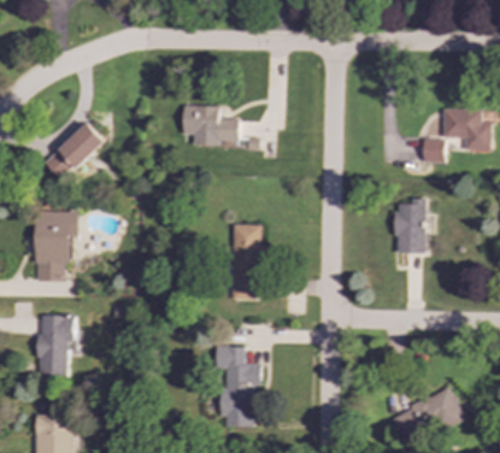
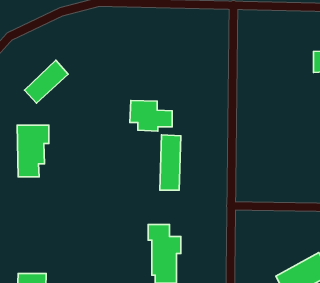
building: [181,104,239,146] -> [130,100,172,131]
building: [422,137,443,161] -> none
building: [395,198,425,253] -> none
building: [39,314,75,376] -> none

